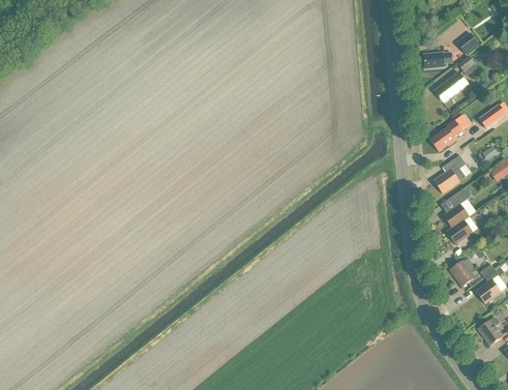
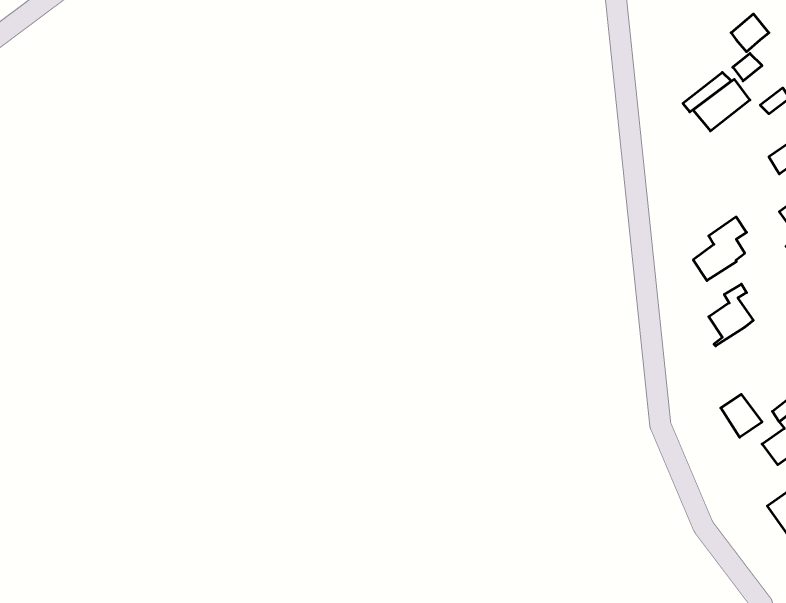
building: [423,53,452,68] -> none
building: [429,120,462,151] -> none
building: [447,220,481,244] -> none

